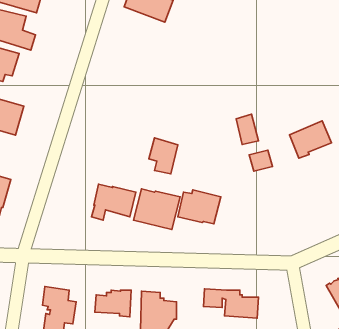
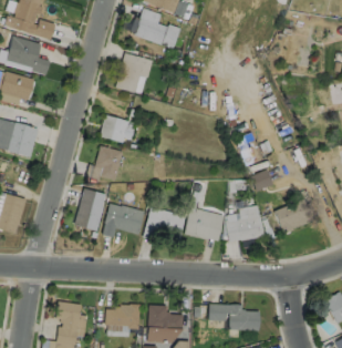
building: none -> [114,53,152,94]
building: none -> [100,116,134,143]
building: [289,121,331,158] -> [274,198,314,234]
building: [149,138,178,174] -> [94,146,122,181]
building: none -> [73,190,105,232]
building: none -> [226,215,263,243]

